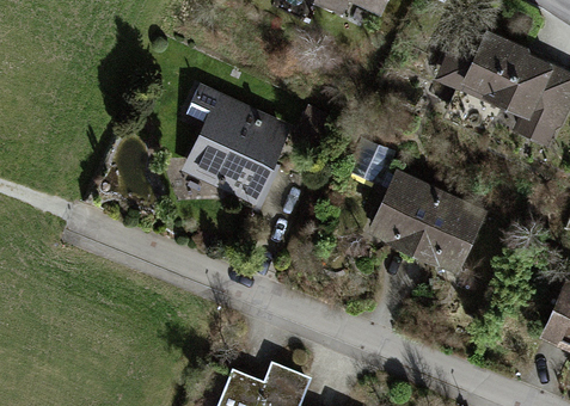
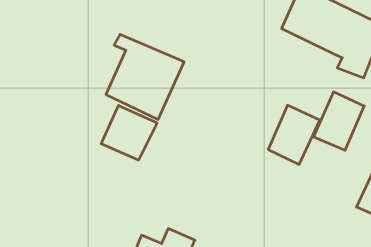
building: [368,167,441,251] -> [313,92,364,150]
building: none -> [101,105,157,160]

